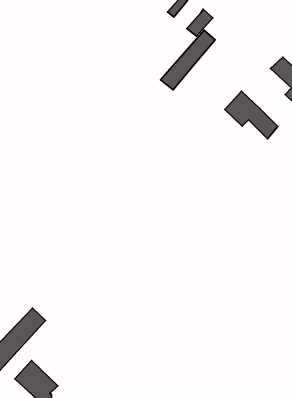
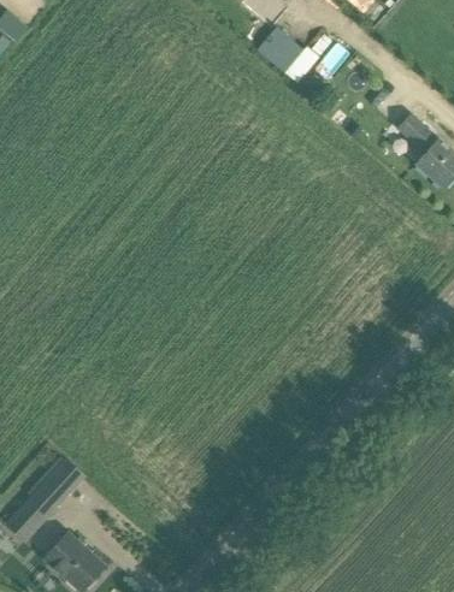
building: [161,30,215,90] -> none
building: [225,91,278,139] -> none

